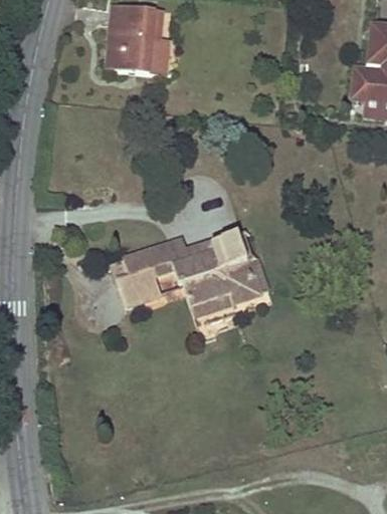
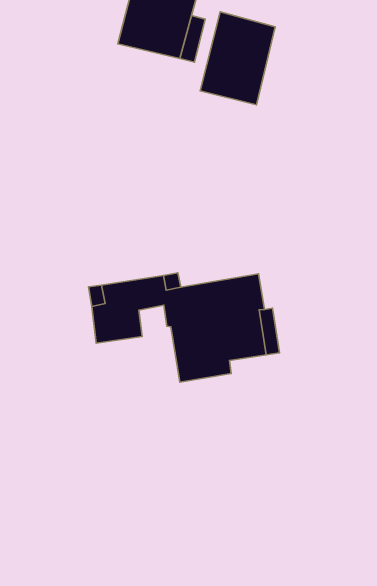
building: none -> [200,12,275,105]

